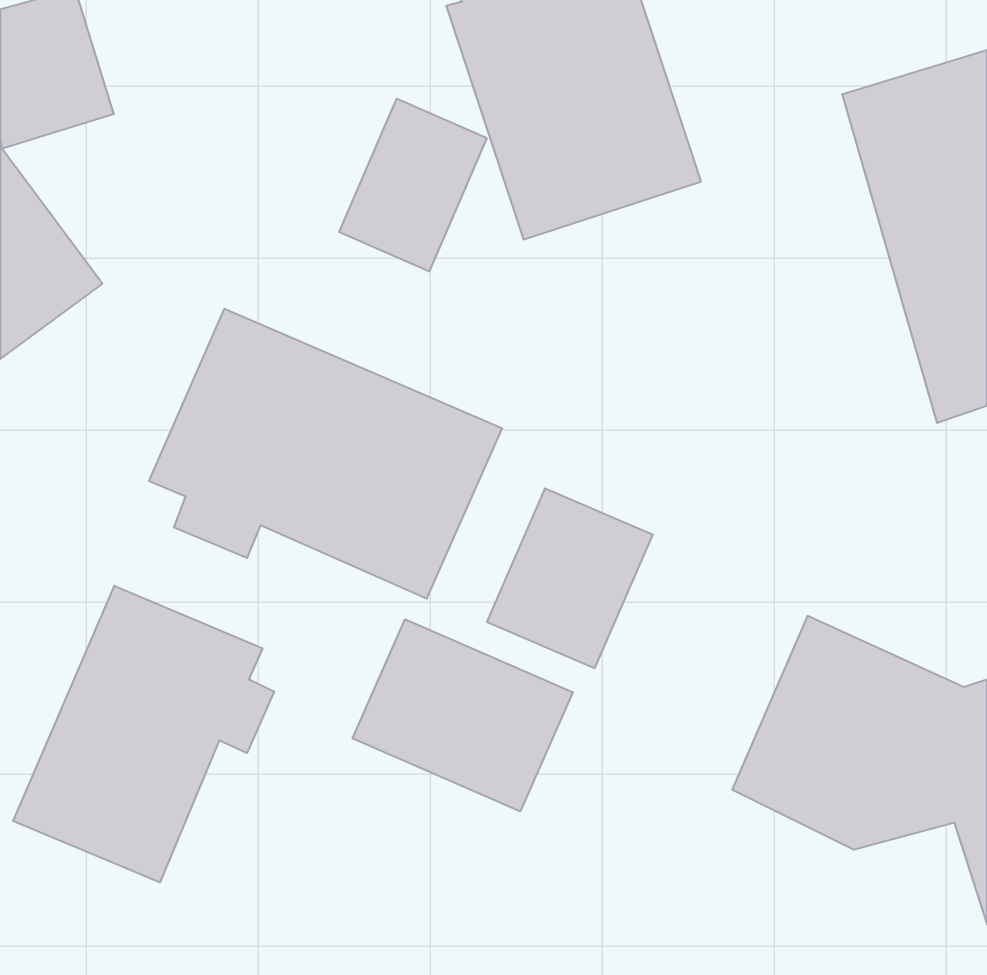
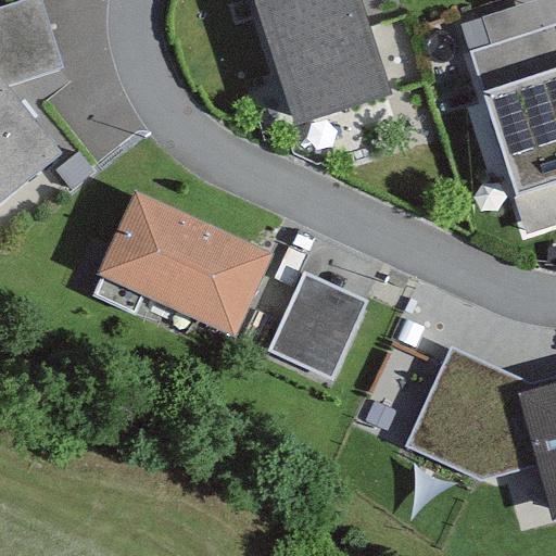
building: [339,99,487,272] -> none
building: [13,586,274,882] -> none
building: [353,619,573,811] -> none

